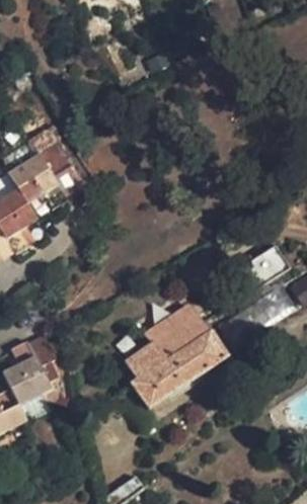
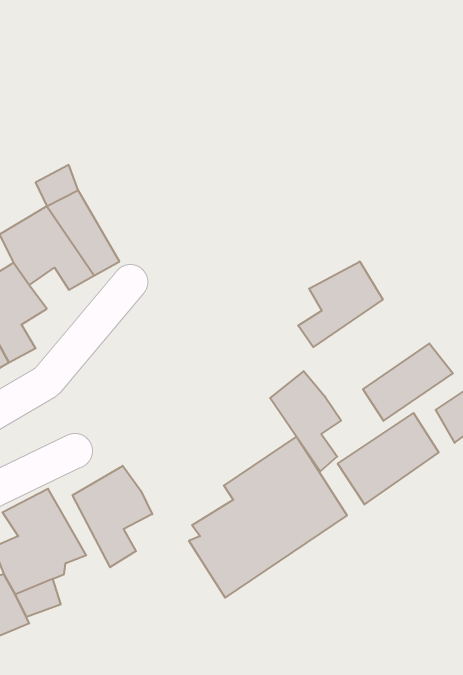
building: none -> [298,261,383,347]
building: none -> [270,371,341,471]
building: none -> [73,466,152,567]

